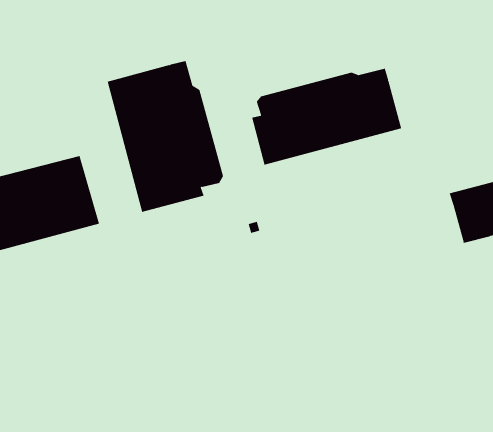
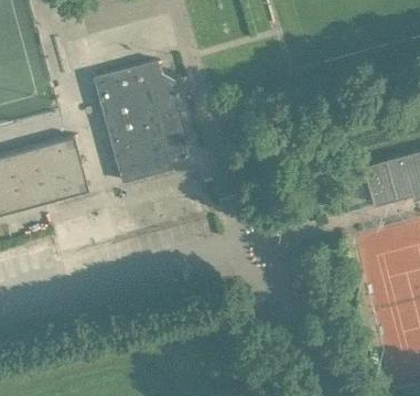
building: [251,68,402,166] -> none

